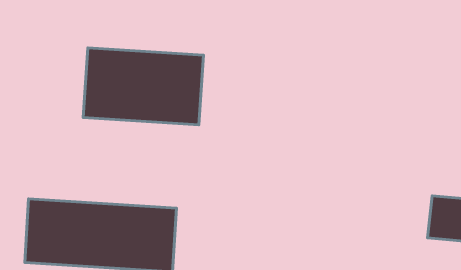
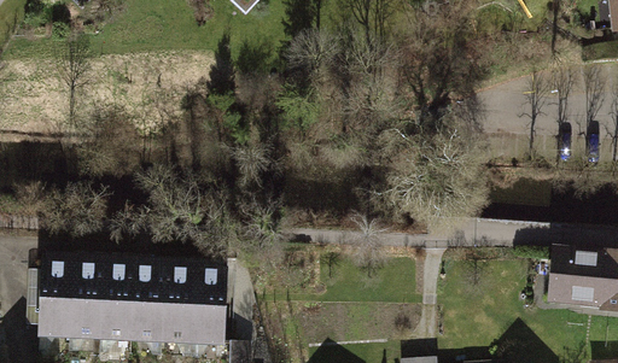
building: [83,48,204,125] -> none

